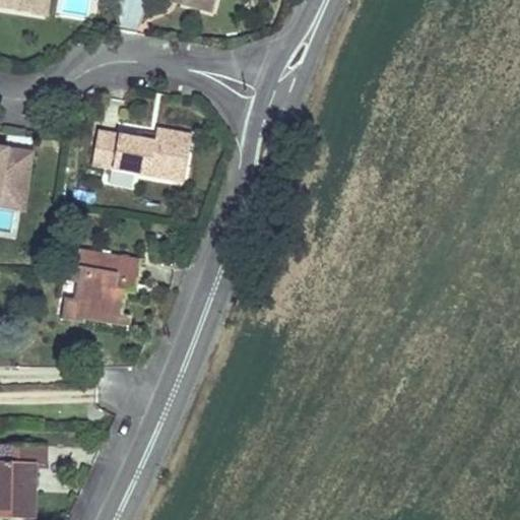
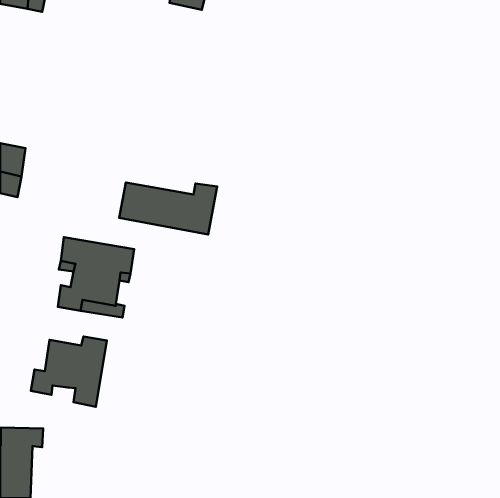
building: [89,127,191,181] -> [119,183,217,235]
building: none -> [31,337,107,407]

